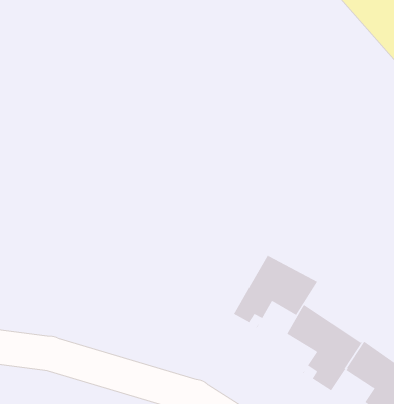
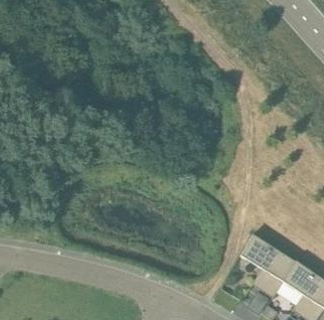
building: [233,252,318,328] -> none

